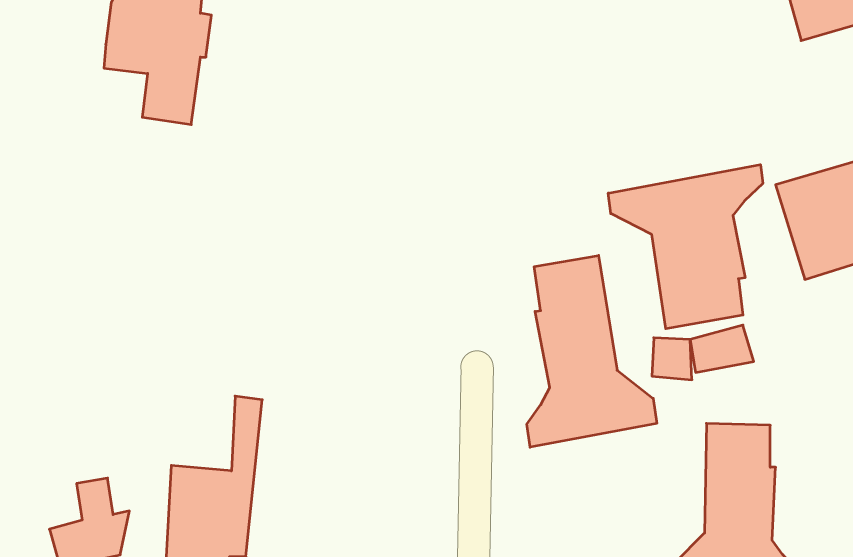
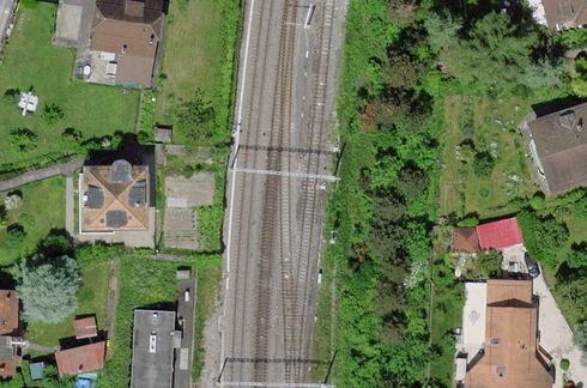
building: [608,165,763,329] -> none
building: none -> [83,168,141,229]
building: [527,255,657,447] -> none

